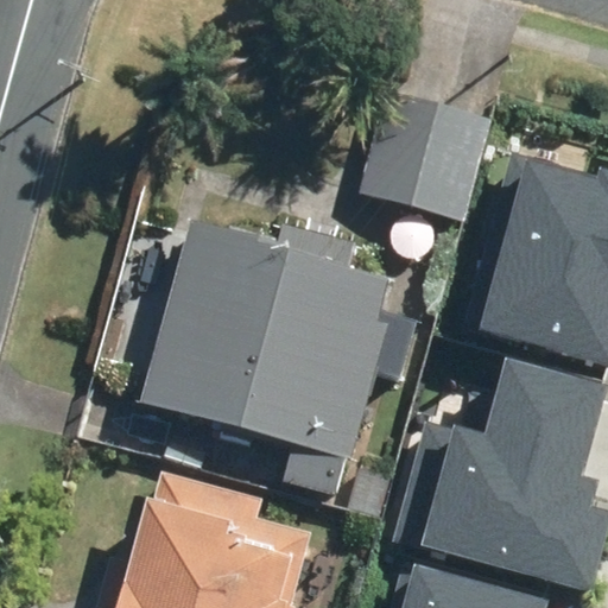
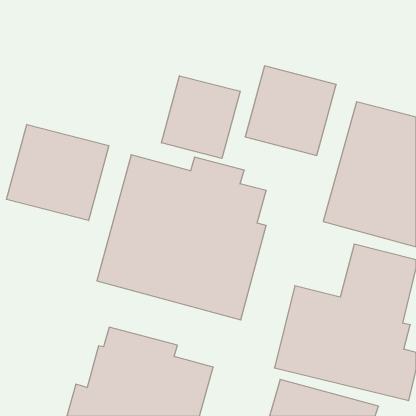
building: none -> [161,76,240,158]
building: none -> [6,124,109,221]

